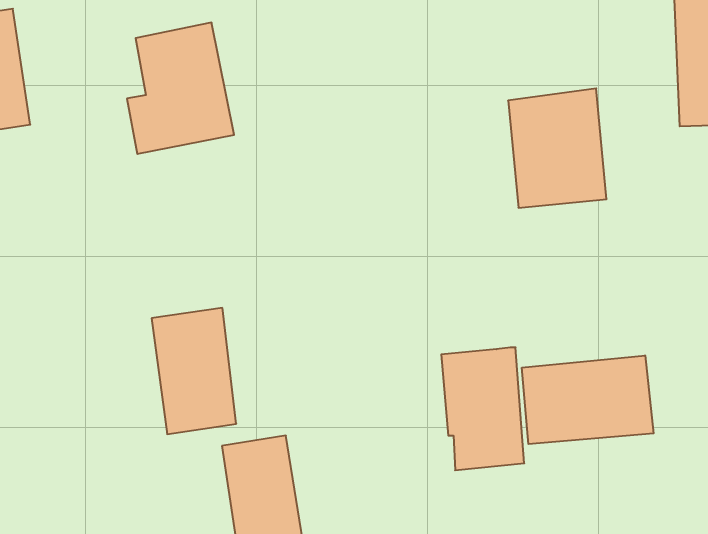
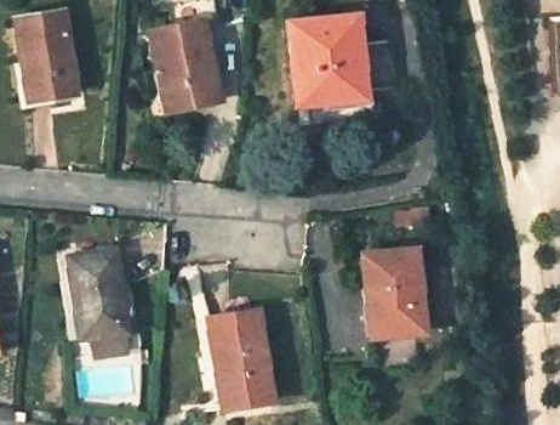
building: [508,88,607,208] -> [295,17,364,101]
building: [152,308,236,434] -> [70,250,130,339]
building: [522,355,654,444] -> none

